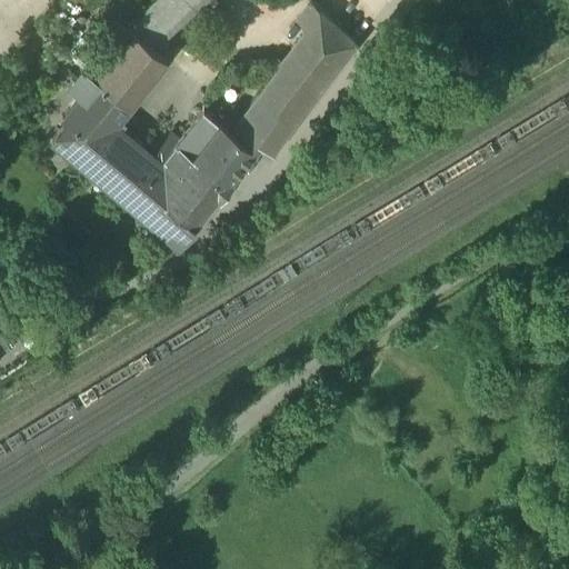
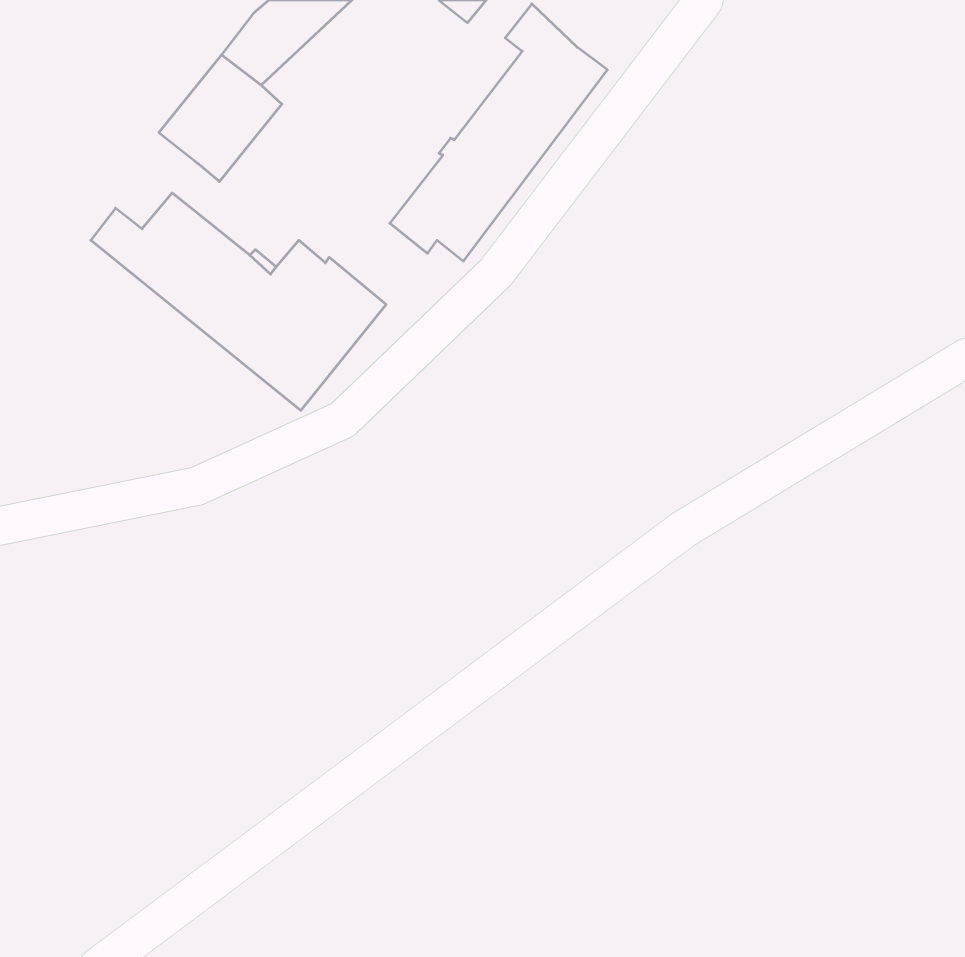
building: [50,83,117,140] -> none
building: [177,114,252,184] -> none

